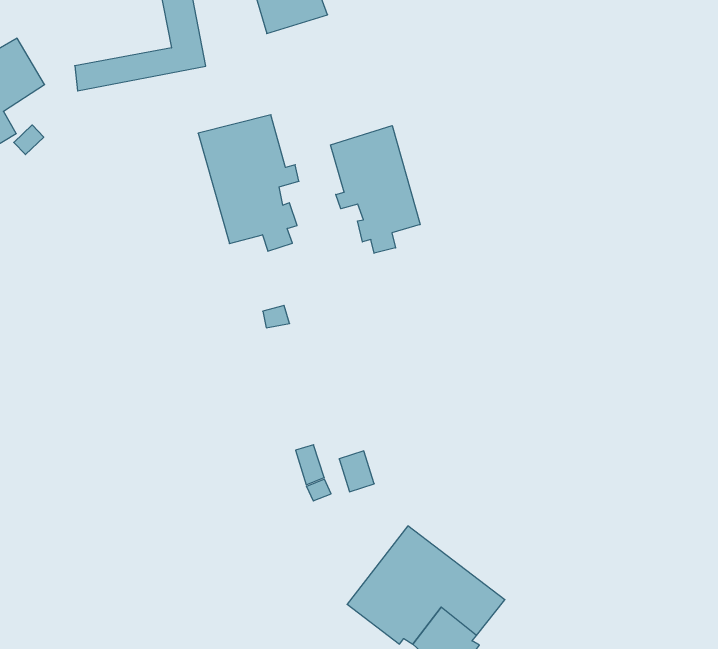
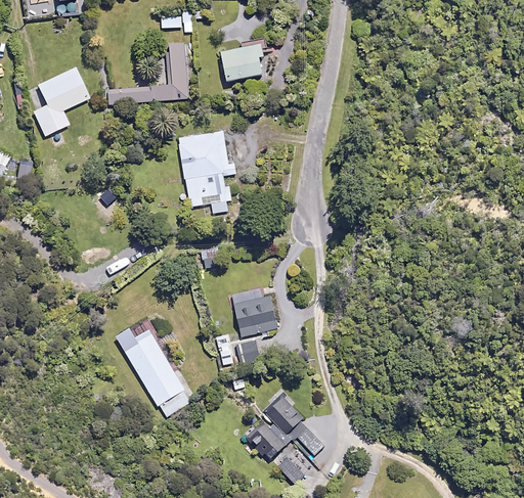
building: [330,126,420,253] -> none
building: none -> [234,296,277,336]
building: none -> [115,319,189,415]

